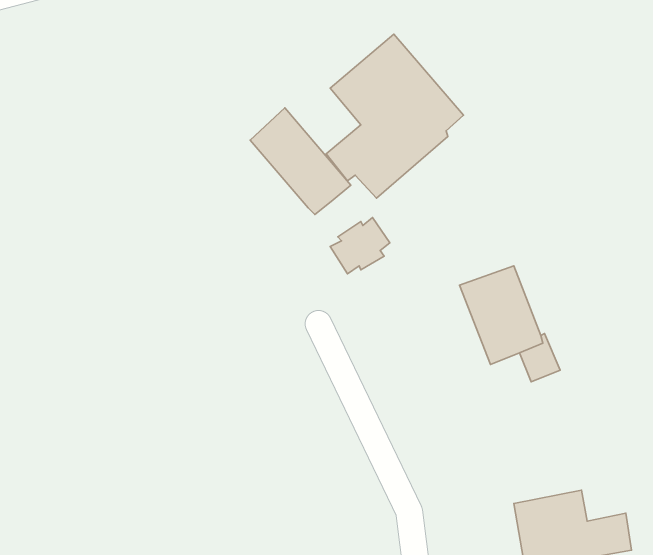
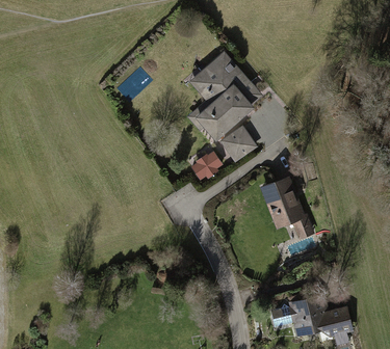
building: [250,108,351,214] -> none
building: none -> [218,125,256,162]

